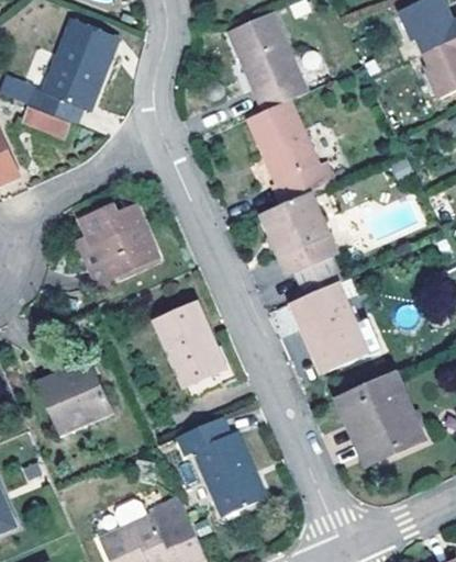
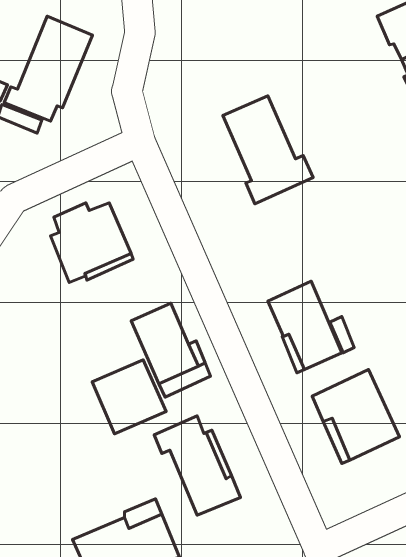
building: [227,10,307,110] -> none
building: [262,193,341,294] -> none
building: [38,359,112,432] -> [92,360,166,434]

